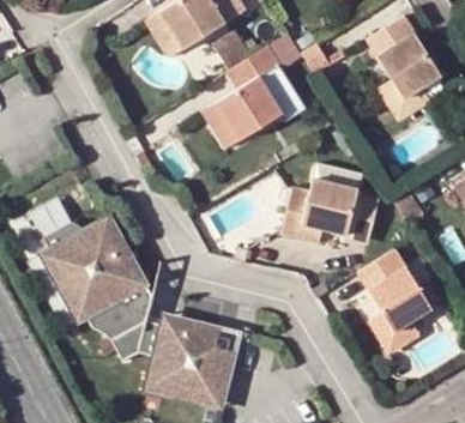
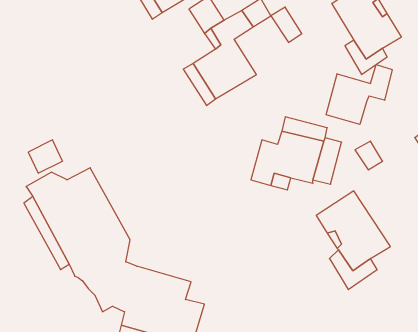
building: none -> [326,64,392,124]
building: [157,313,238,365] -> none

